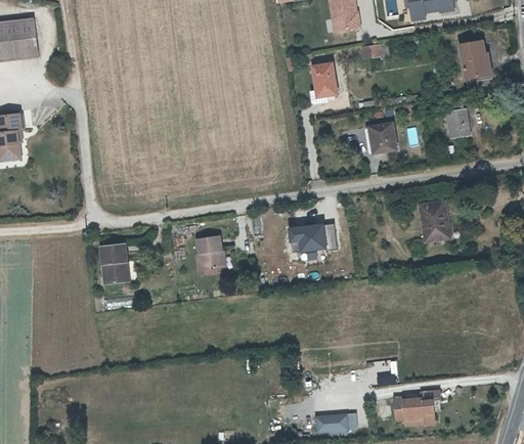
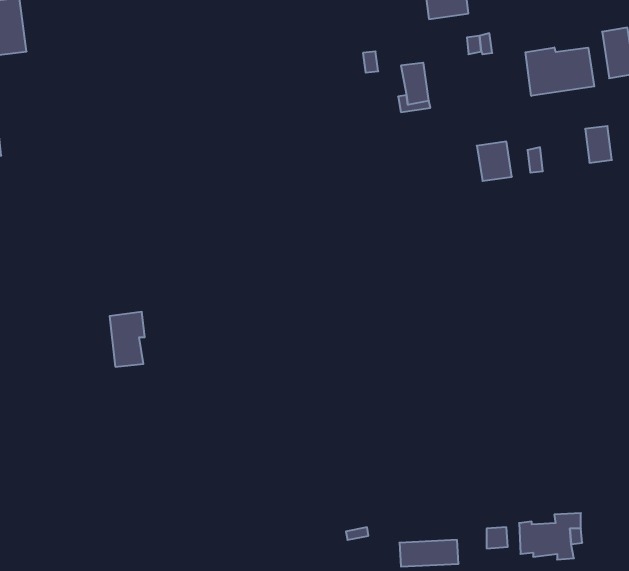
building: none -> [525,47,594,96]
building: [422,199,448,240] -> none
building: [287,222,324,250] -> none
building: [199,238,225,272] -> none

